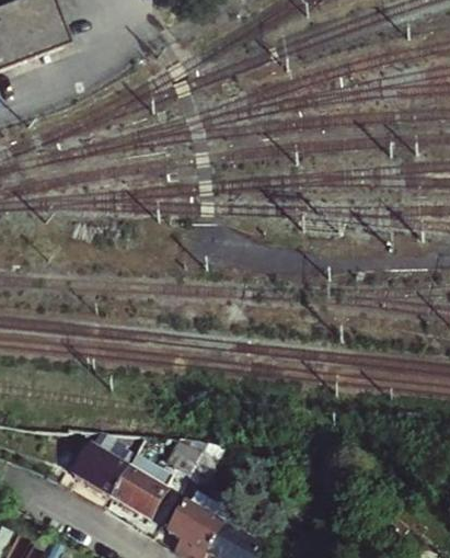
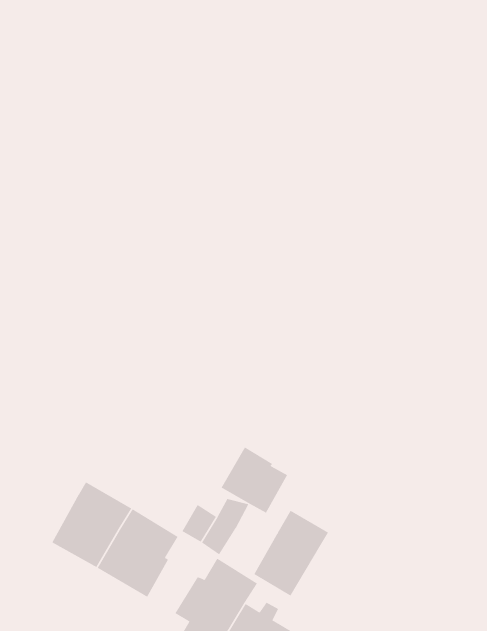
building: none -> [221,446,288,514]
building: none -> [254,510,329,597]

